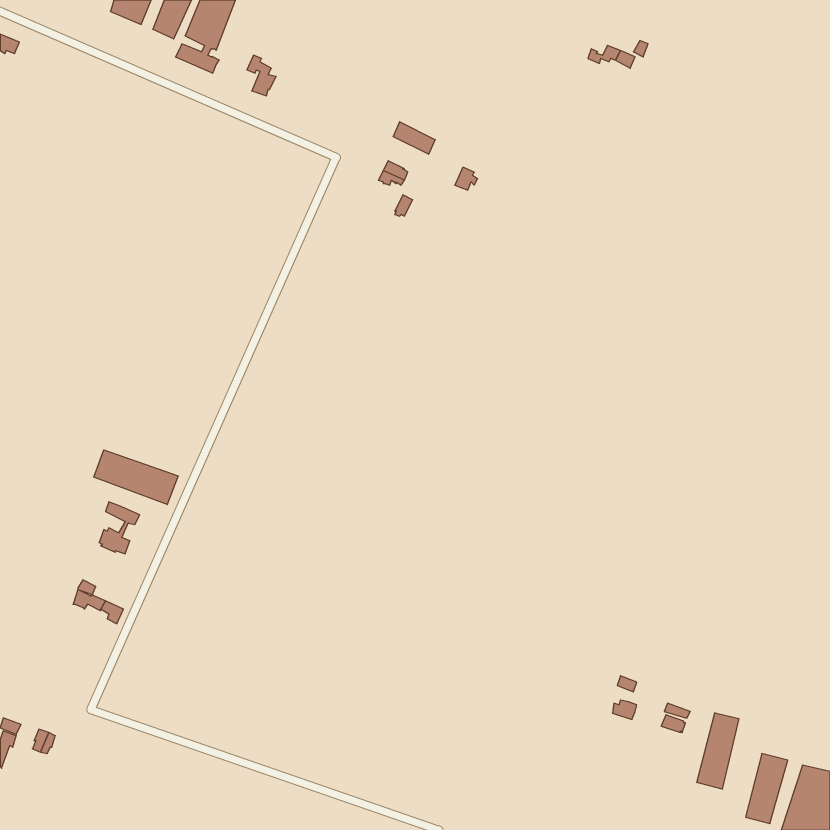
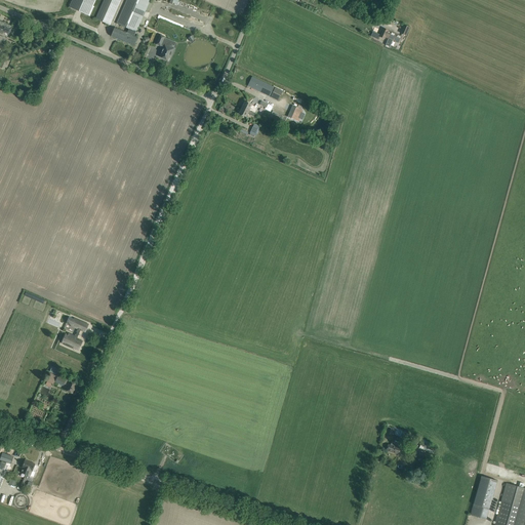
building: [94,450,178,505] -> none
building: [697,713,739,789] -> none

